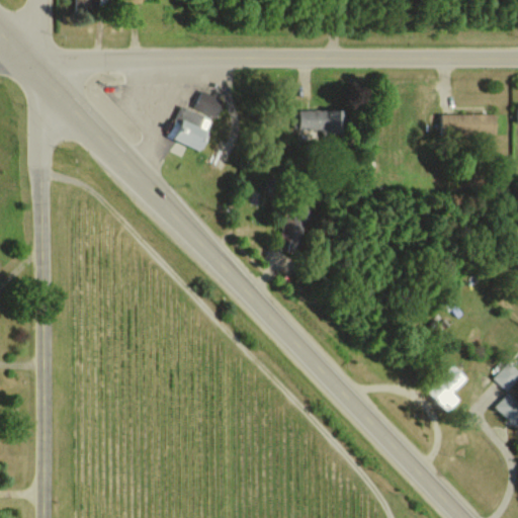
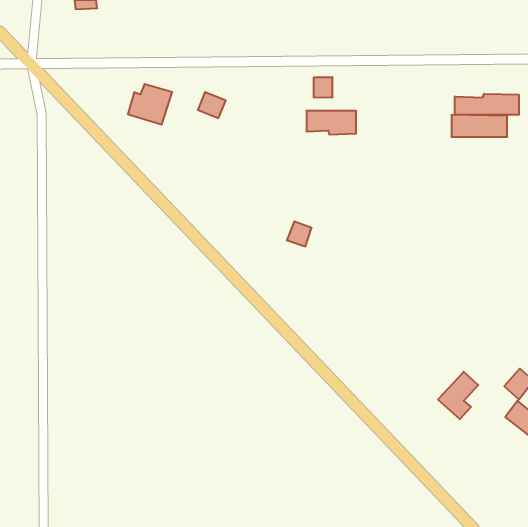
building: none -> [314,77,332,98]
building: none -> [455,94,519,115]
building: [169,110,212,150] -> [128,84,172,124]

